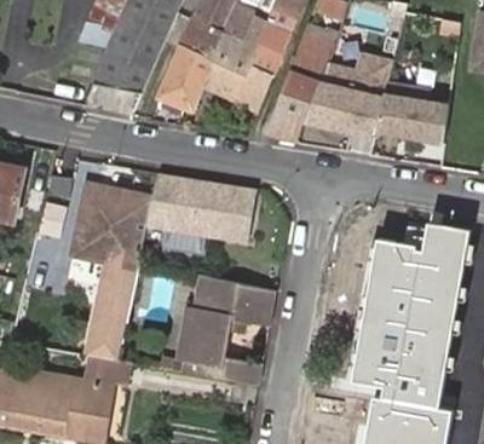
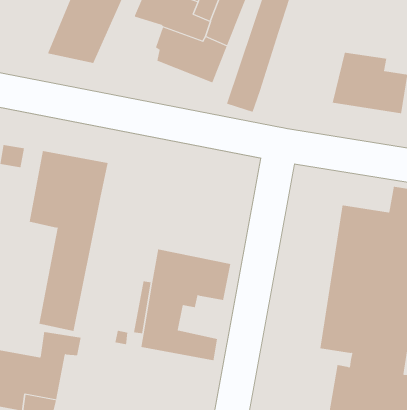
building: [160,50,206,110] -> none
building: [302,57,390,139] -> none
building: [145,177,254,244] -> none

